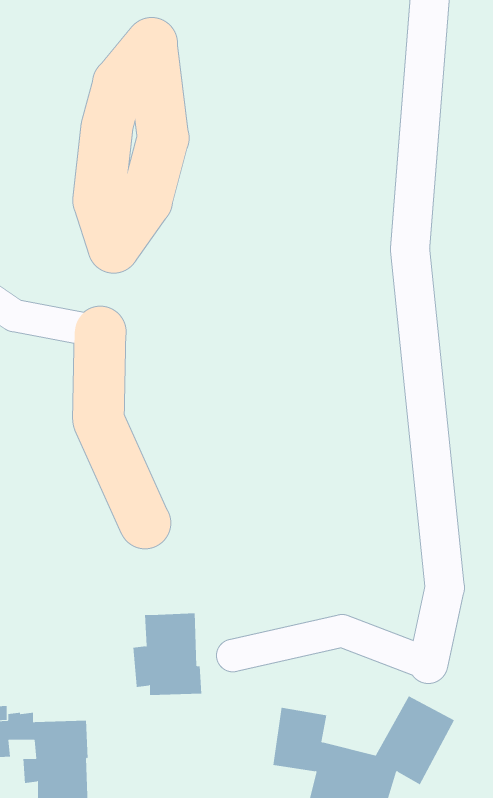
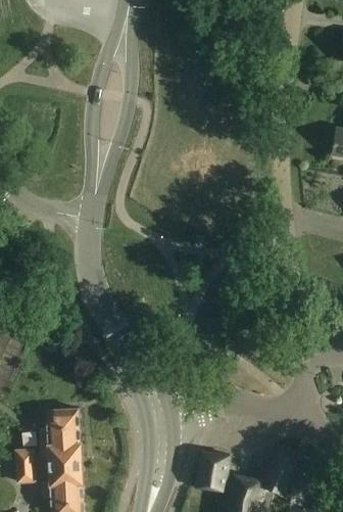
building: [133,613,202,696] -> [38,412,81,463]

